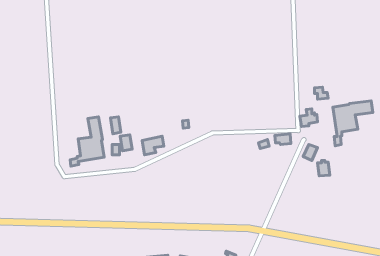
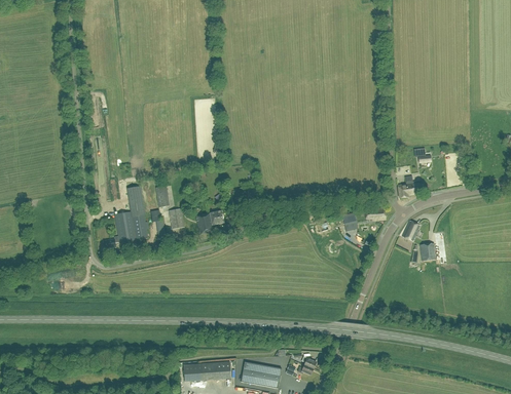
building: [333,101,373,146] -> none

